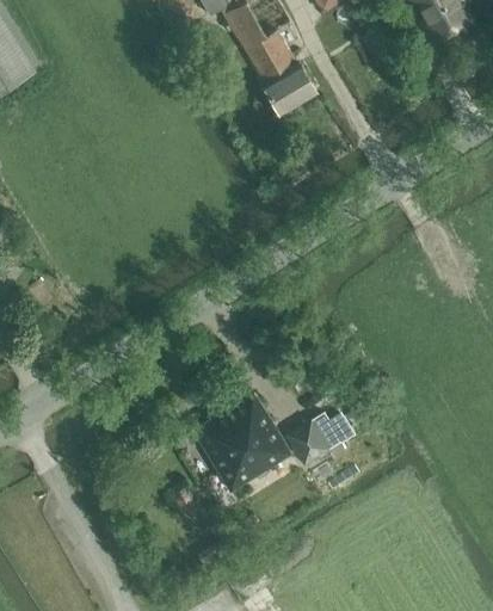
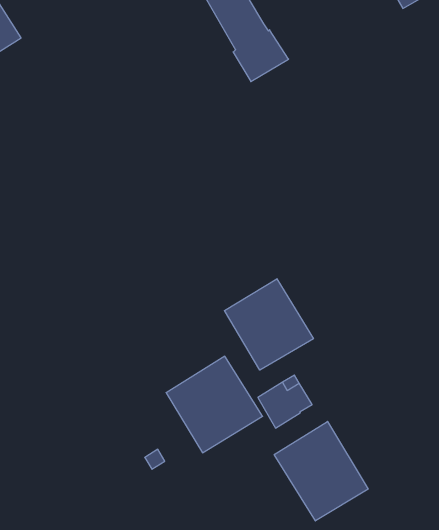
building: none -> [224,279,313,370]
building: none -> [274,421,368,521]

